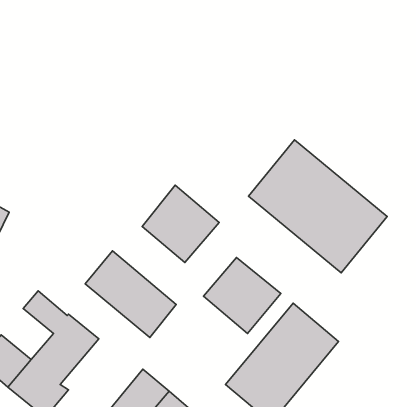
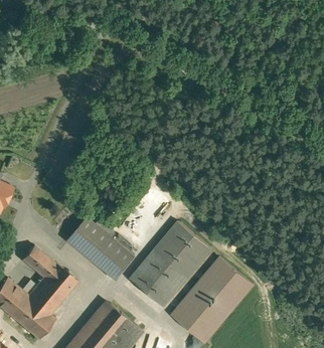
building: [249,140,387,273] -> none
building: [142,185,219,262] -> [130,250,186,307]

